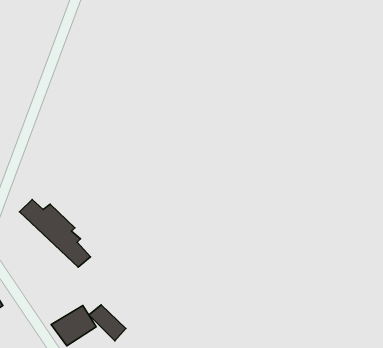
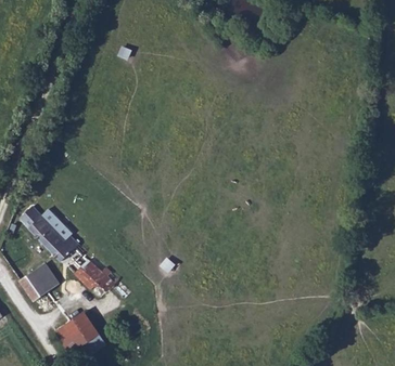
building: none -> [24,265,61,302]
building: [89,305,126,341] -> [78,264,114,299]

